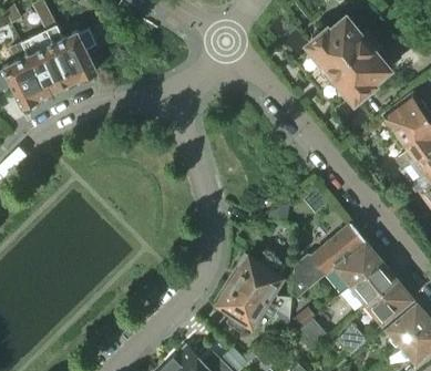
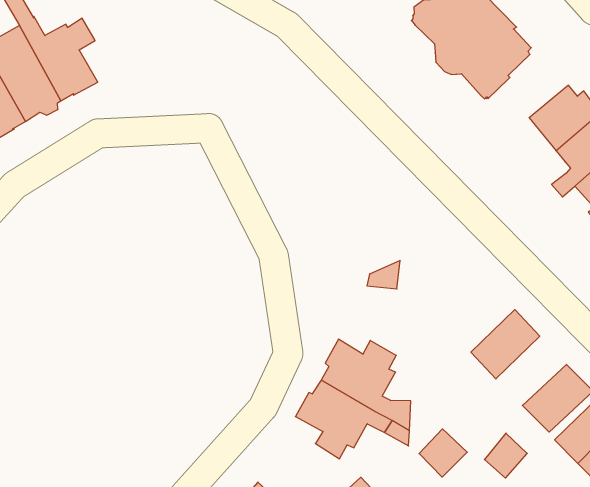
building: [291,224,365,299] -> none
building: [349,260,397,306] -> none

